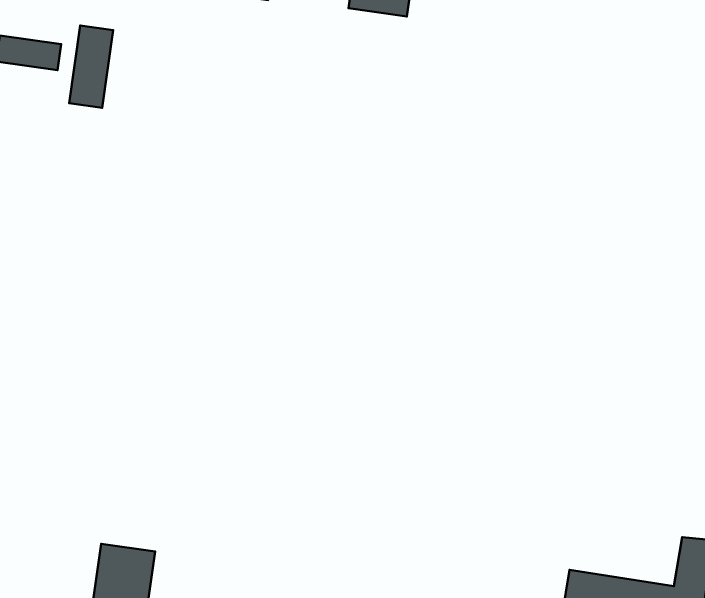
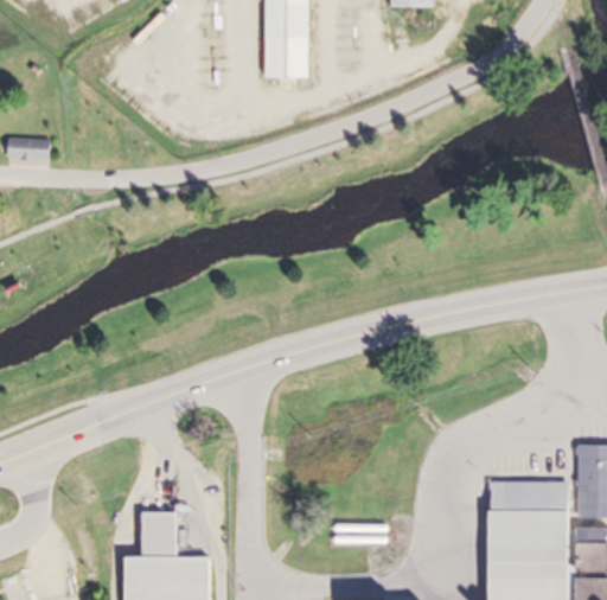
building: [69,26,113,108] -> none

